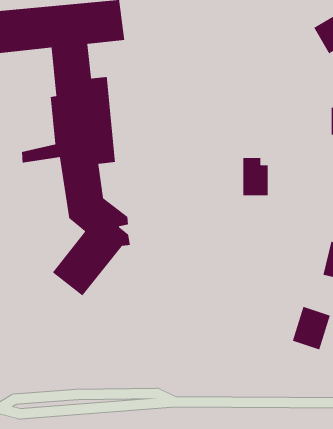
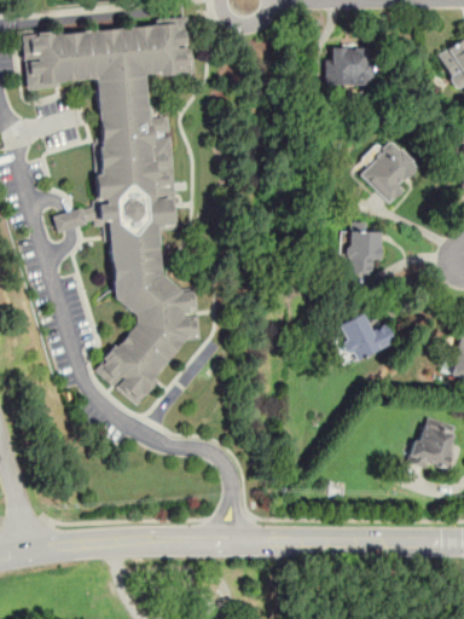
building: none -> [326,47,372,86]
building: none -> [356,138,423,204]
building: none -> [337,313,396,363]

